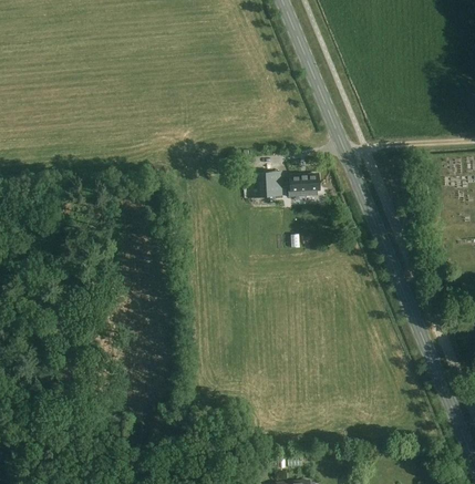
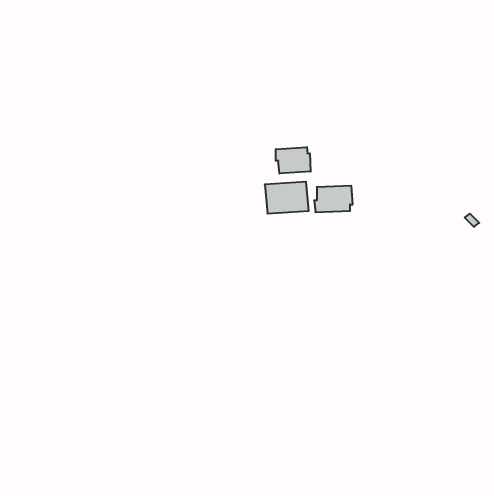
building: none -> [276,147,311,174]

